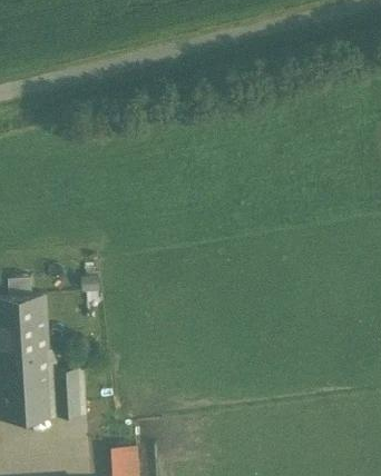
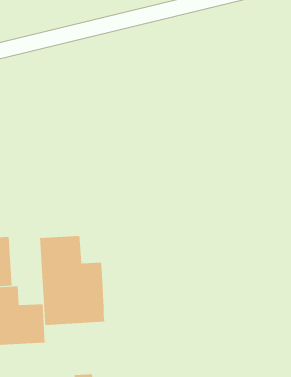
building: none -> [40,235,105,326]

